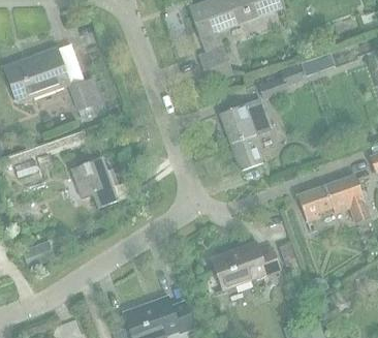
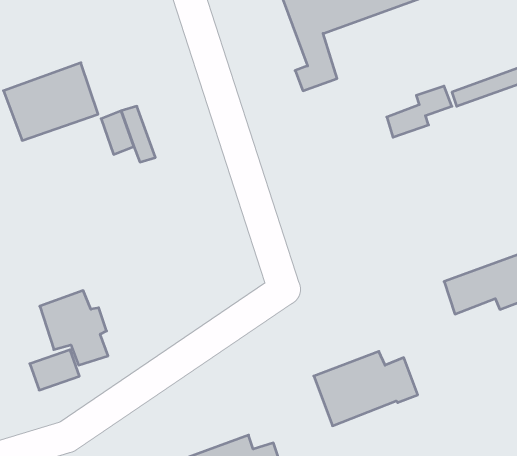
building: [220,98,271,171] -> none
building: [72,157,118,207] -> [40,291,108,365]

